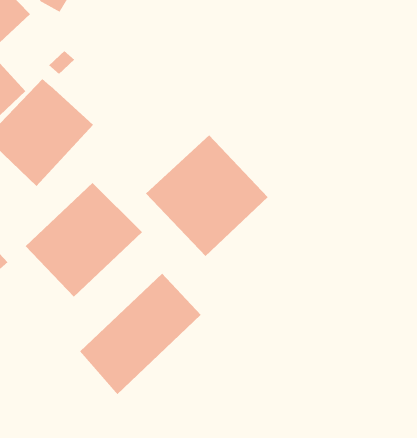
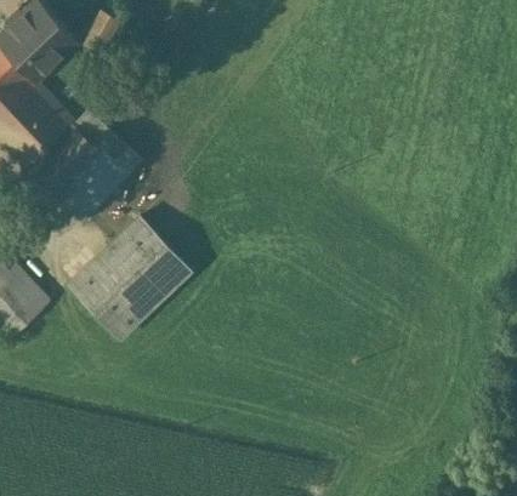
building: [145,135,269,257] -> none
building: [79,273,202,395] -> none

